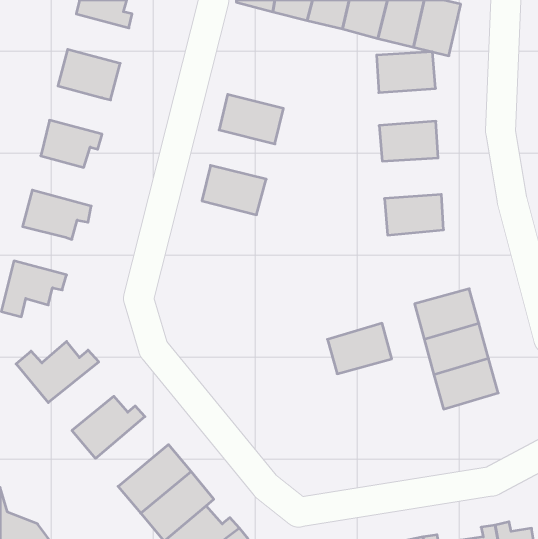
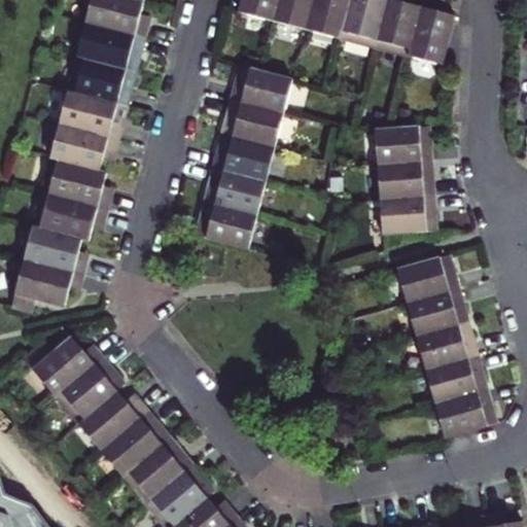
building: none -> [75,23,134,70]
building: [377,52,436,93] -> [377,161,433,200]
building: none -> [229,66,290,113]
building: none -> [58,92,116,138]
building: none -> [212,134,274,181]
building: none -> [41,159,102,207]
building: none -> [196,202,256,249]
building: none -> [24,226,78,273]
building: [327,323,392,374] -> [398,252,460,301]
building: none -> [57,356,128,422]
building: none -> [435,386,497,435]
building: none -> [102,409,172,476]

